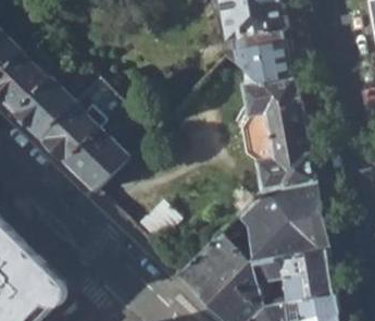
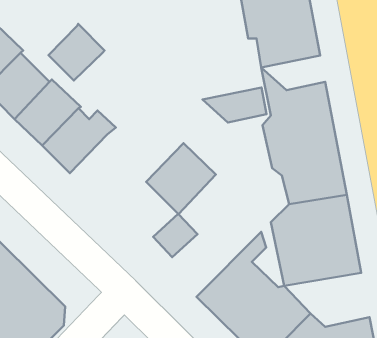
building: none -> [48,24,105,80]
building: [237,54,295,86] -> [203,88,266,122]
building: [64,126,127,190] -> [146,143,216,214]
building: [258,251,335,300] -> none

